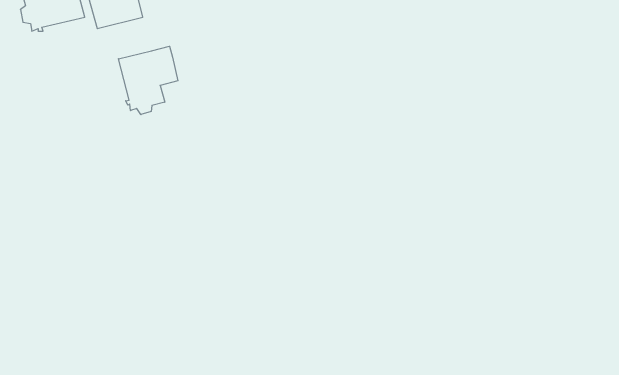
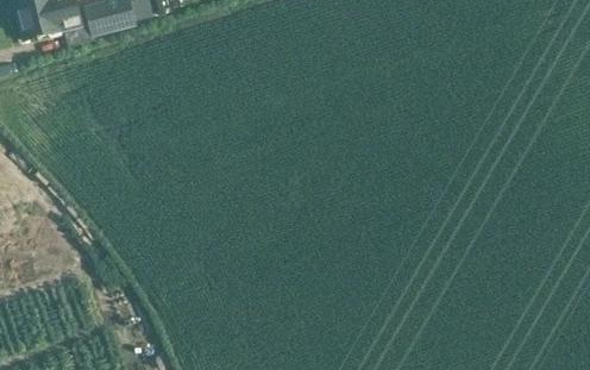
building: [118,46,178,115] -> none

